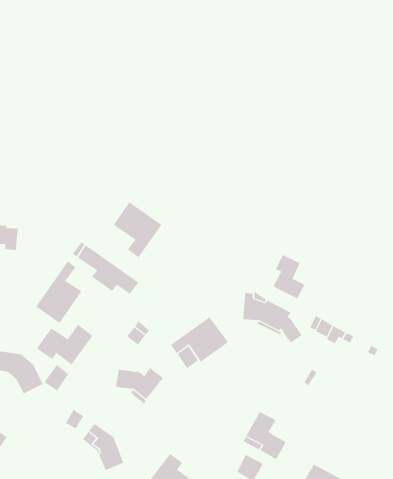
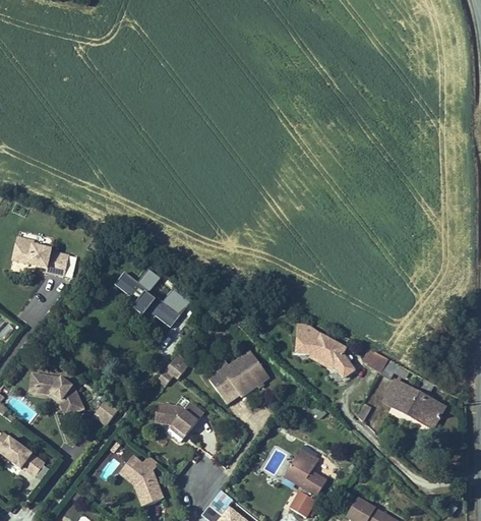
building: [113,201,162,258] -> none
building: [272,254,305,299] -> none
building: [35,260,82,324] -> none
building: [36,324,93,365] -> none
building: none -> [374,374,435,422]

